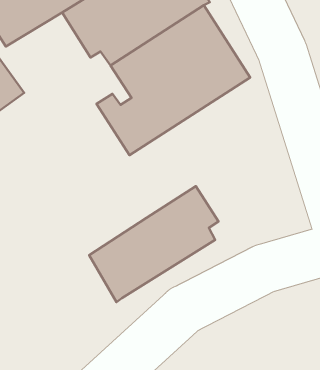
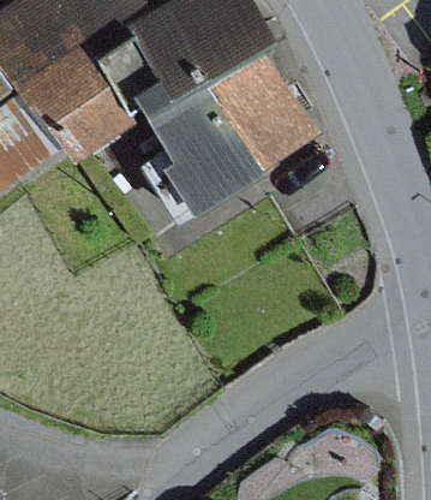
building: none -> [30,55,138,163]
building: [89,186,219,302] -> none

